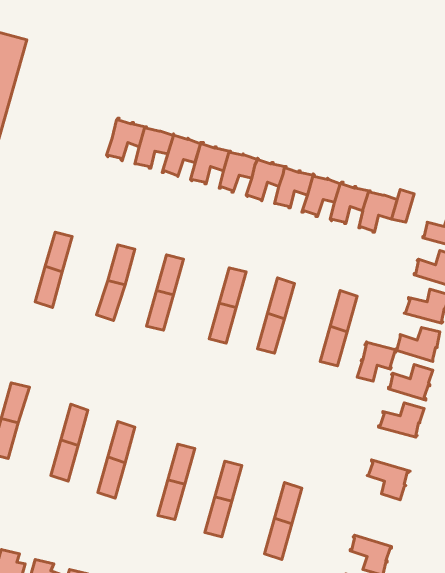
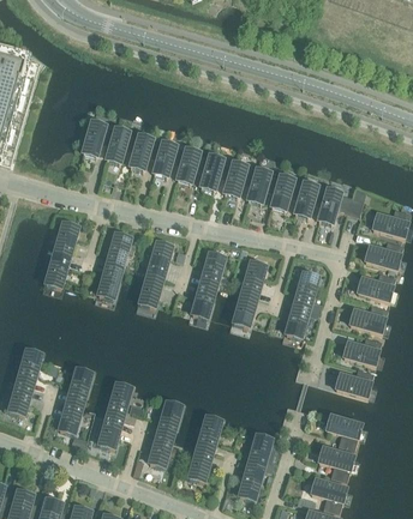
building: none -> [82,120,114,156]
building: [357,342,396,381] -> none
building: none -> [318,447,353,479]

